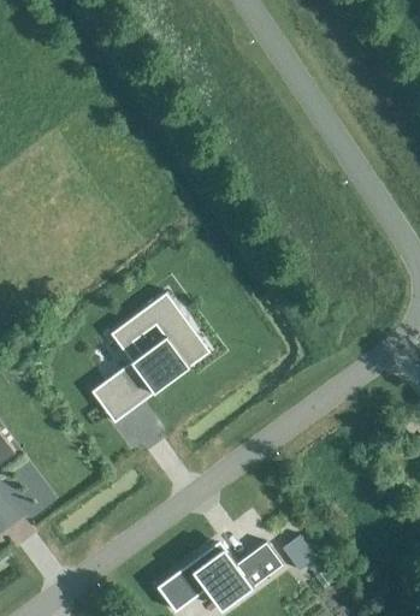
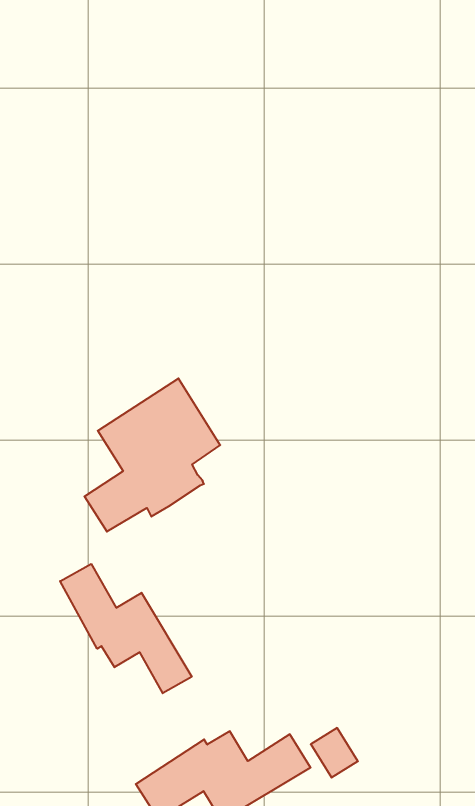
building: none -> [60,564,192,693]

